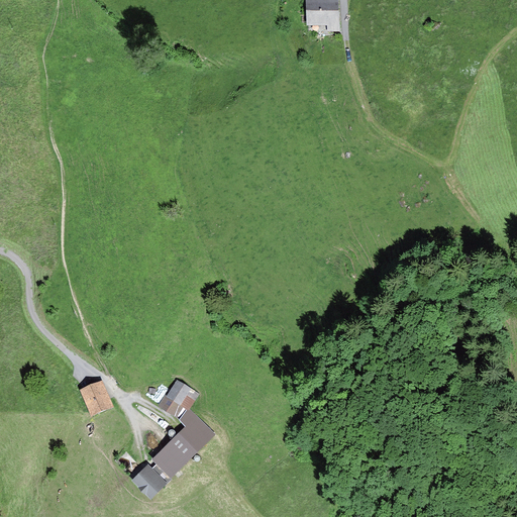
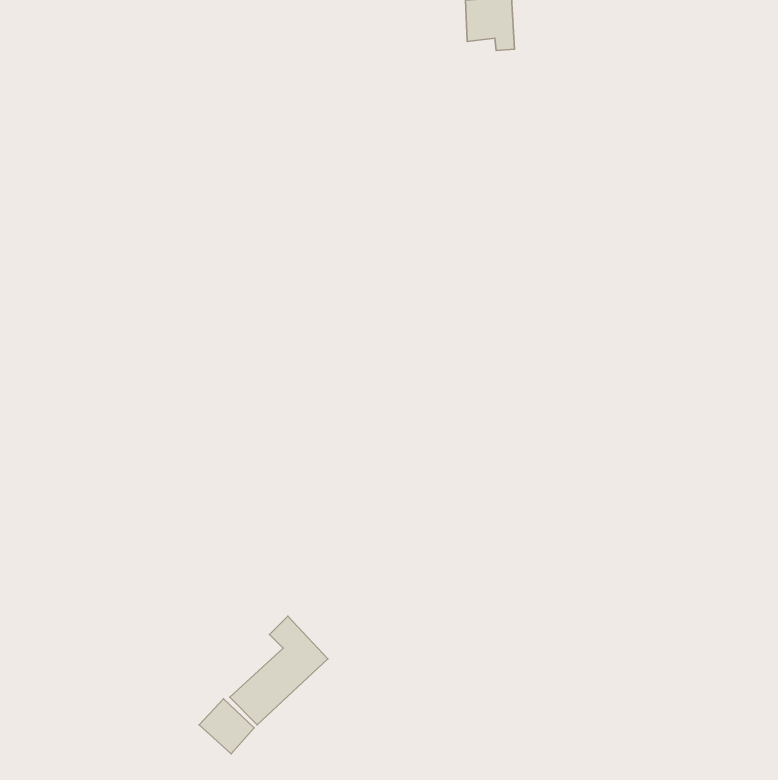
building: [156,377,195,418] -> none
building: [79,379,114,416] -> none

